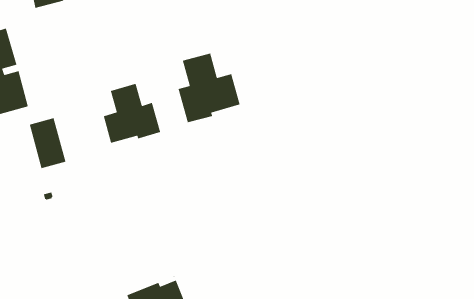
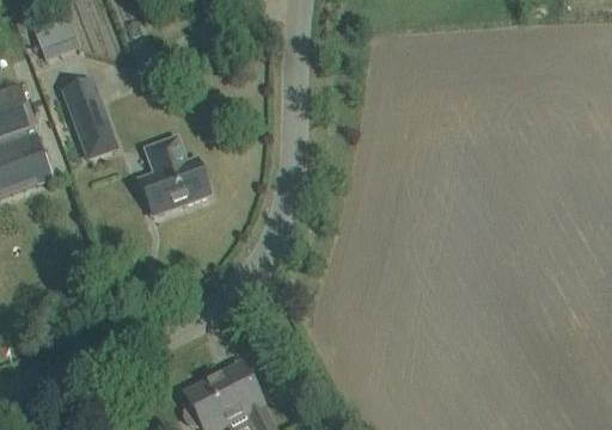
building: [178,53,242,123] -> none
building: [29,117,66,169] -> [63,79,112,142]

